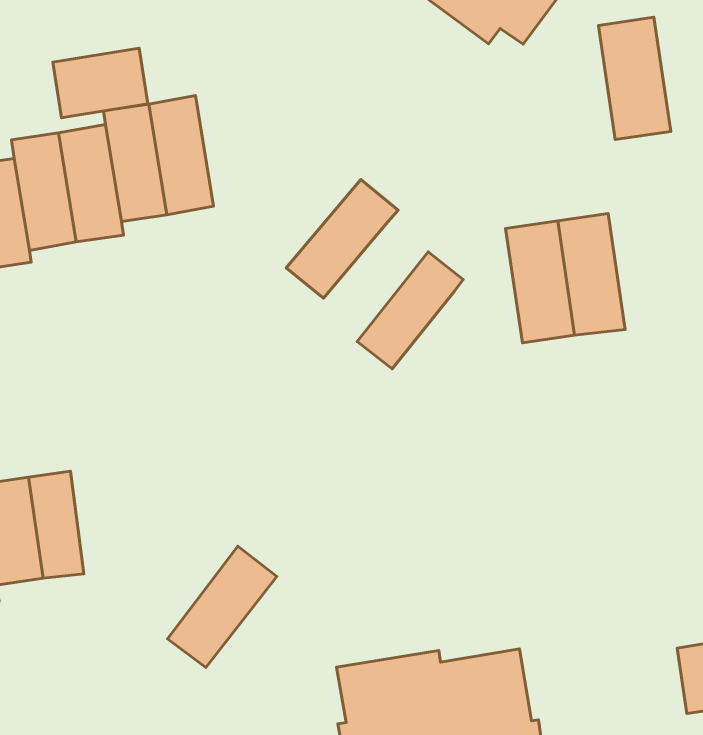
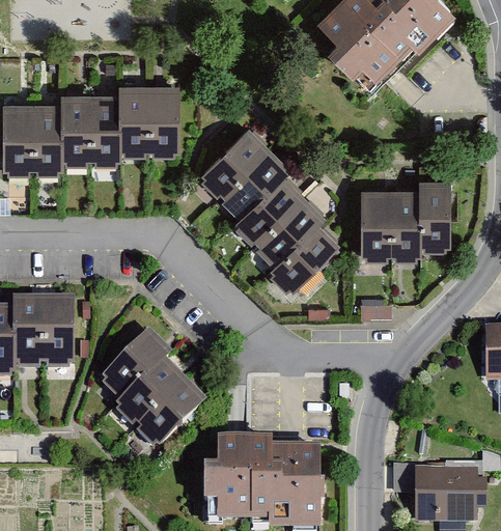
building: [598,17,671,140] -> [416,184,450,254]
building: [53,48,148,118] -> none
building: none -> [200,130,270,195]
building: none -> [231,176,304,246]
building: none -> [268,224,339,295]
building: none -> [98,332,169,402]
building: none -> [133,381,204,451]

